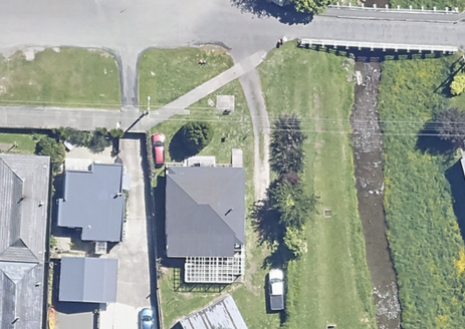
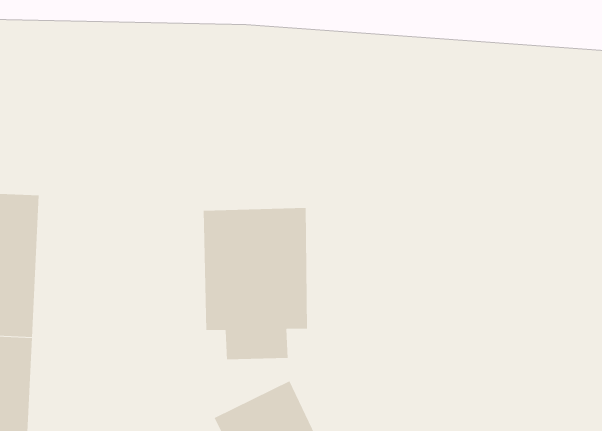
building: [61,168,123,241] -> none
building: [59,260,118,302] -> none

